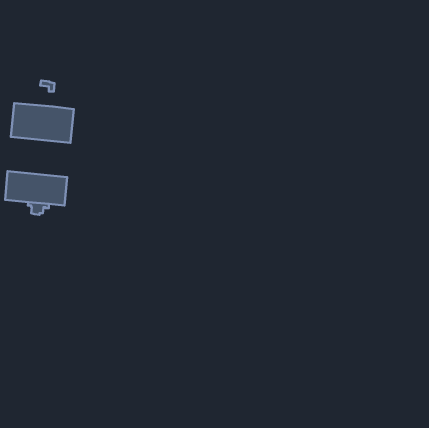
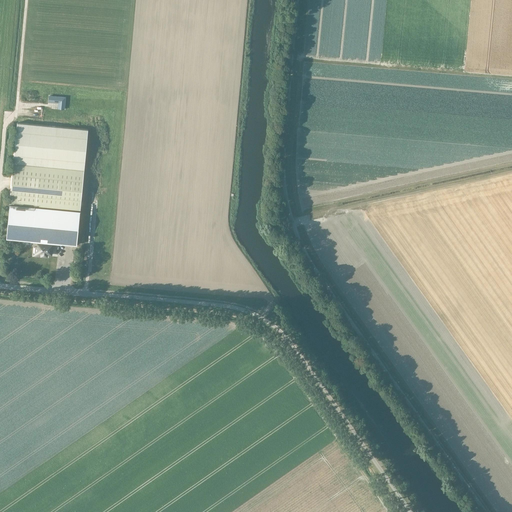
building: none -> [9,164,84,211]

